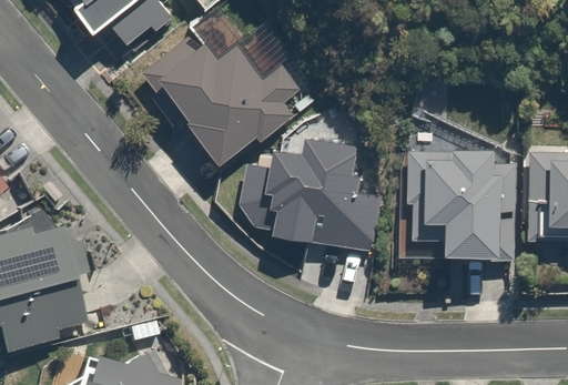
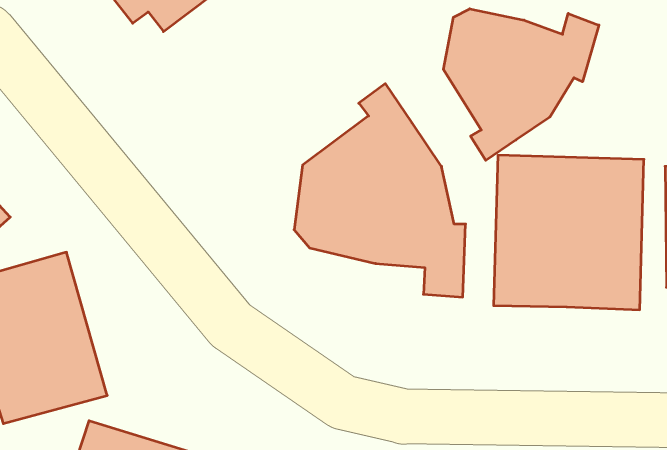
building: none -> [443,9,599,160]
building: [135,32,297,162] -> none

